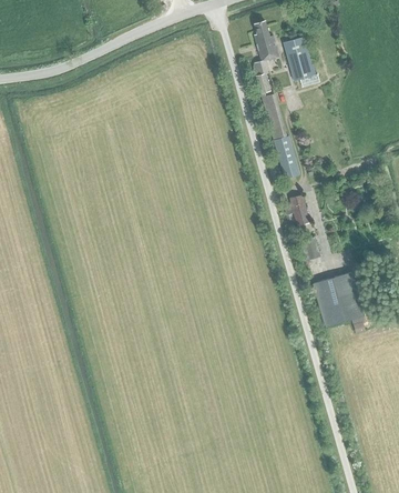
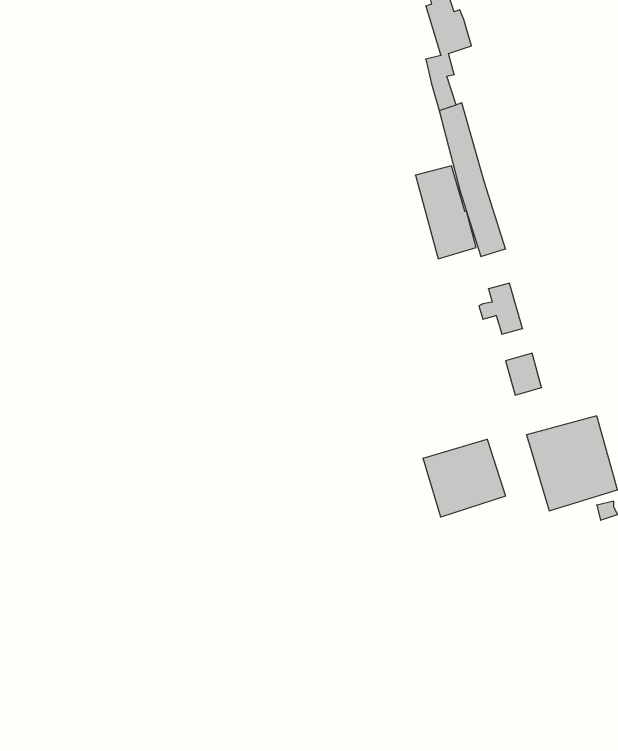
building: [283,37,318,91] -> [415,166,476,259]
building: none -> [423,439,506,517]

